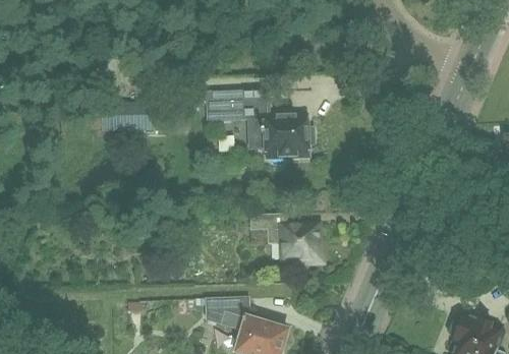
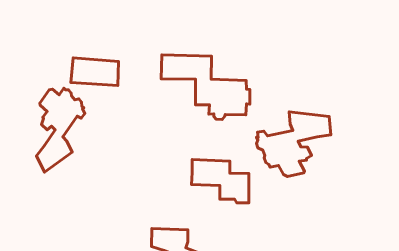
building: none -> [37,88,85,172]
building: none -> [256,112,331,177]

